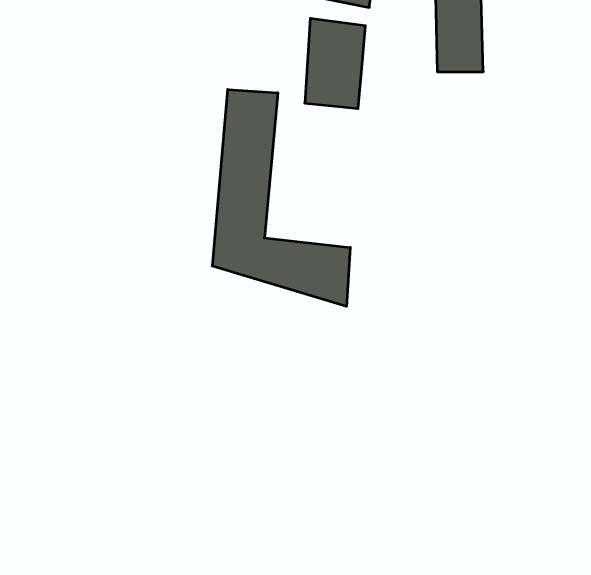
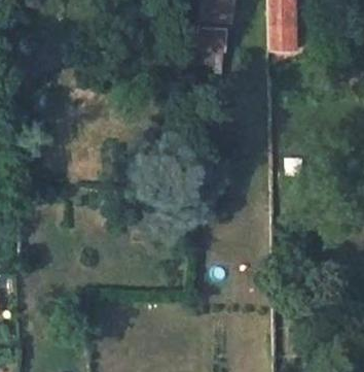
building: [212,89,350,306] -> none

